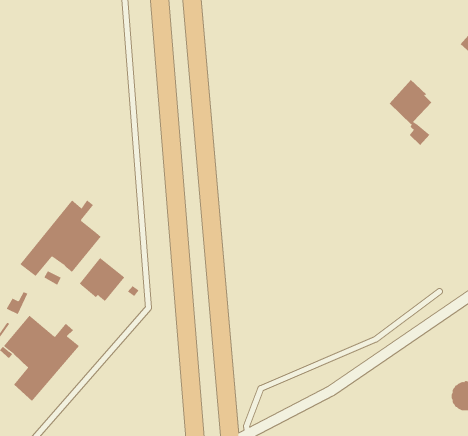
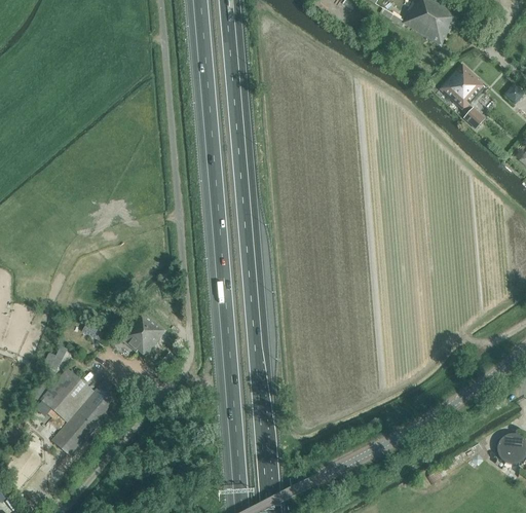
building: [389,79,432,146] -> [440,63,484,131]
building: [20,200,101,277] -> none

